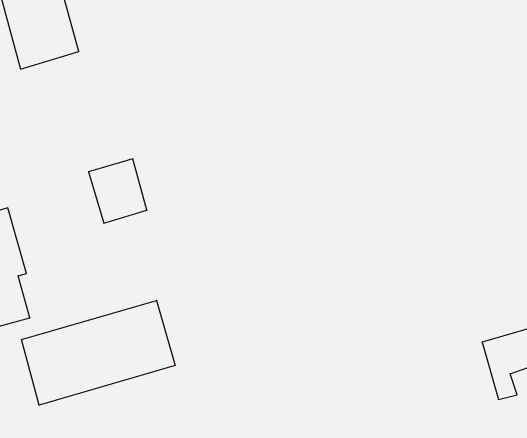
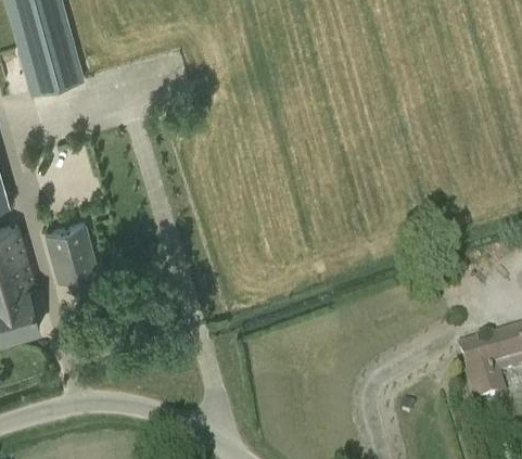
building: [89,159,147,223] -> [42,220,97,280]
building: [21,300,175,405] -> none

